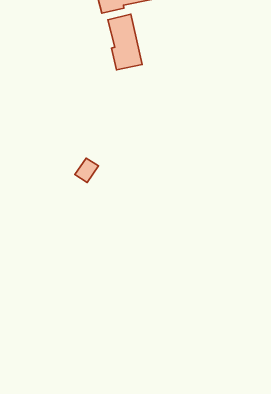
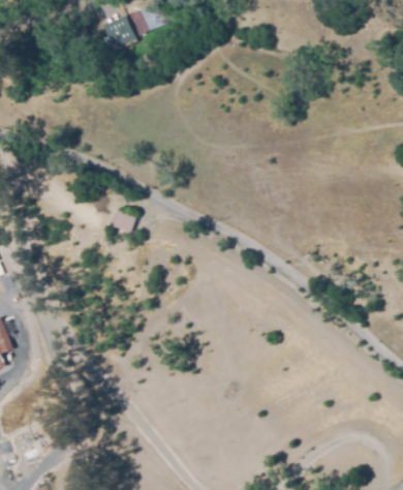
building: [108,14,142,70] -> none

